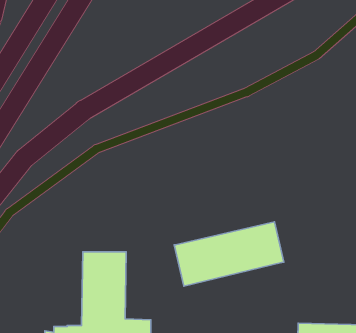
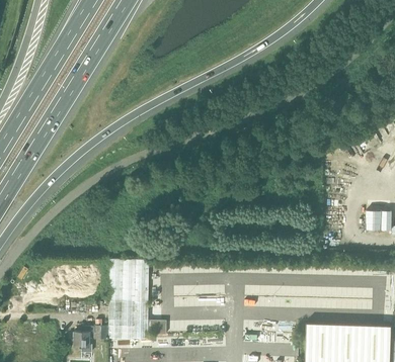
building: [174,222,284,286] -> none

